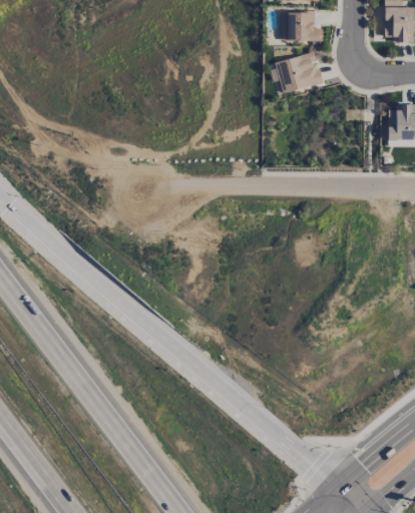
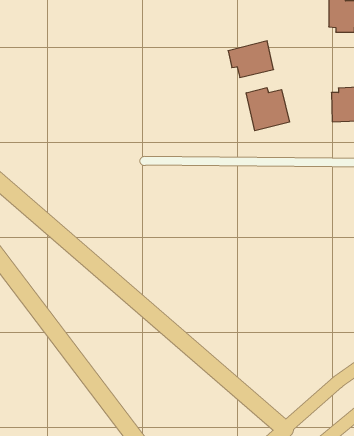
building: [282,12,323,41] -> none
building: none -> [246,88,289,131]

